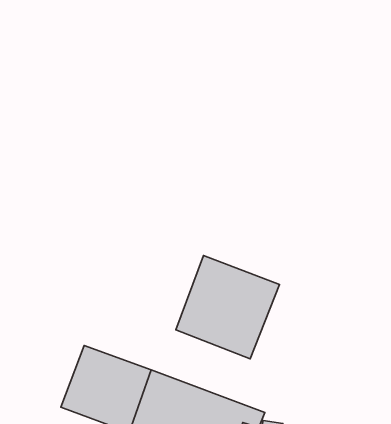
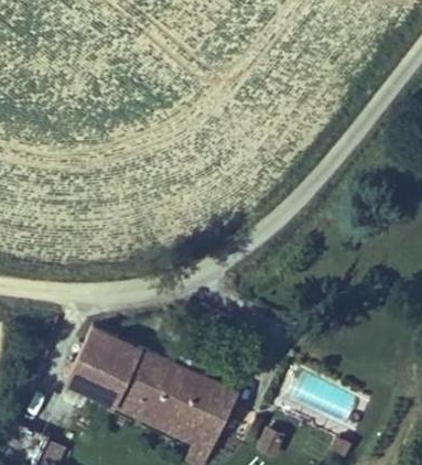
building: [176,256,280,359] -> none

